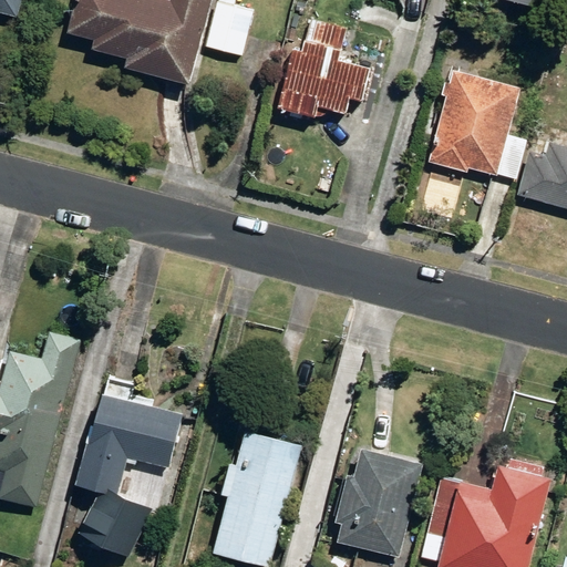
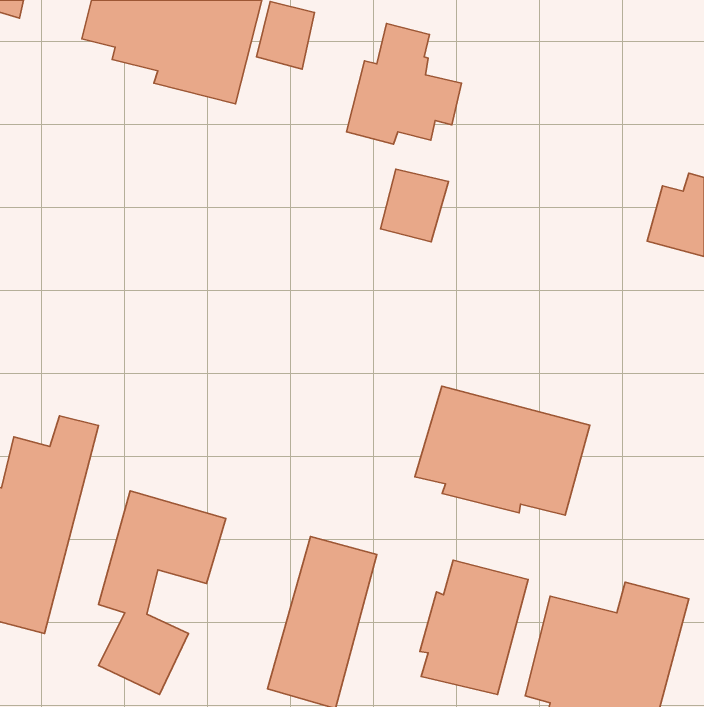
building: [427,69,520,175] -> none
building: none -> [381,169,448,242]
building: none -> [415,386,590,515]

